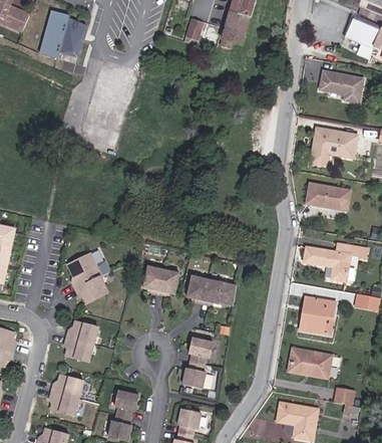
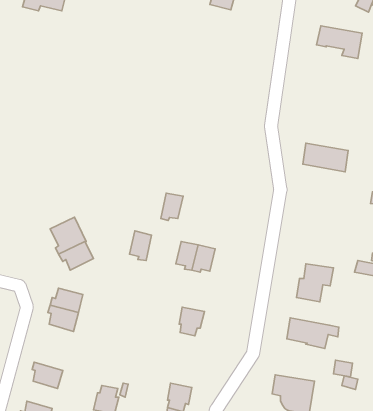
building: [312,127,356,165] -> none
building: [304,243,367,280] -> none
building: [157,269,178,295] -> [161,193,183,221]
building: [181,362,206,389] -> none
building: [51,374,83,398] -> none
building: [114,388,137,415] -> none

